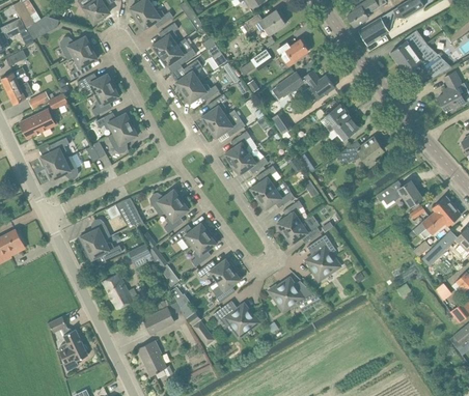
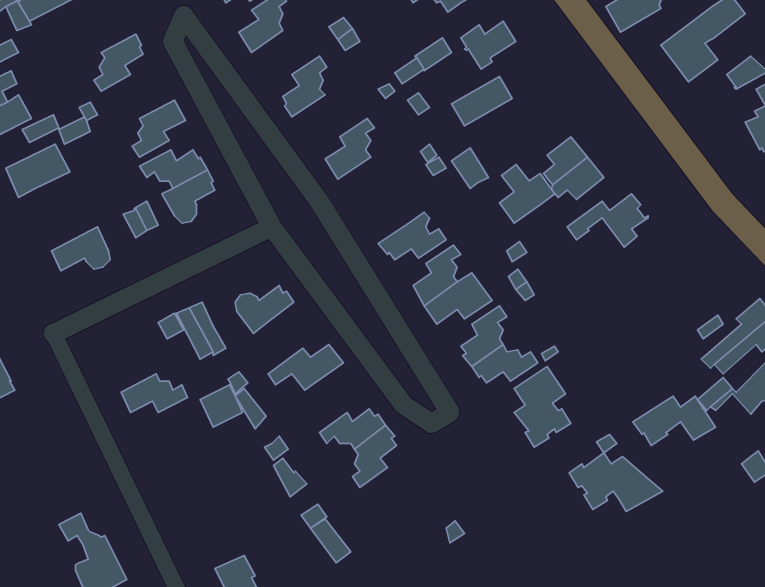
building: [60,34,93,59] -> none
building: [159,44,196,66] -> none
building: [303,69,334,103] -> [500,164,555,223]
building: [77,72,115,93] -> none
building: [182,80,219,102] -> none
building: [208,115,246,138] -> none
building: [225,130,251,164] -> none
building: [39,136,72,168] -> none
building: [376,179,422,207] -> [633,396,716,446]
building: [164,197,189,232] -> none
building: [79,218,111,248] -> none
building: [191,231,218,265] -> none
building: [102,272,138,308] -> none
building: [270,278,323,311] -> [569,453,663,511]
building: [214,300,258,336] -> none
building: [143,307,174,333] -> none

